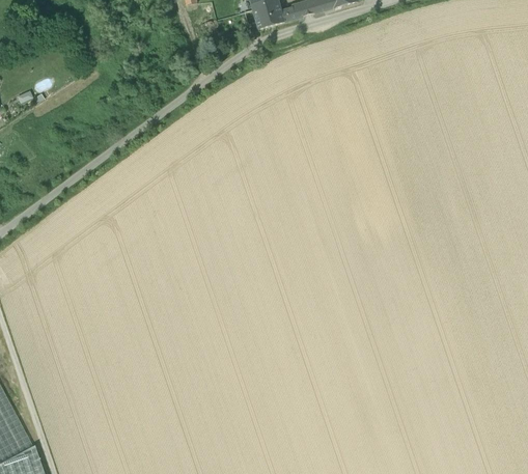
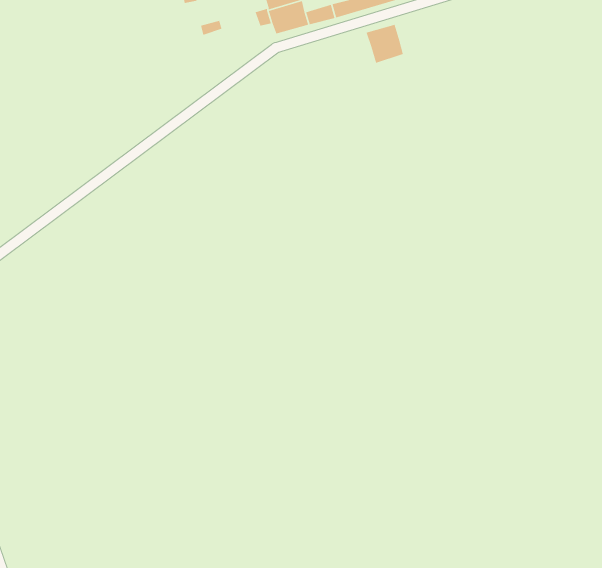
building: none -> [365,24,404,64]

